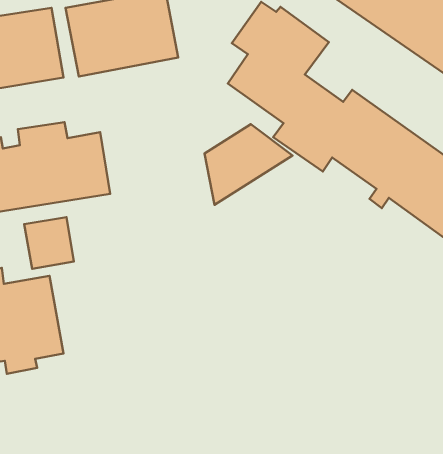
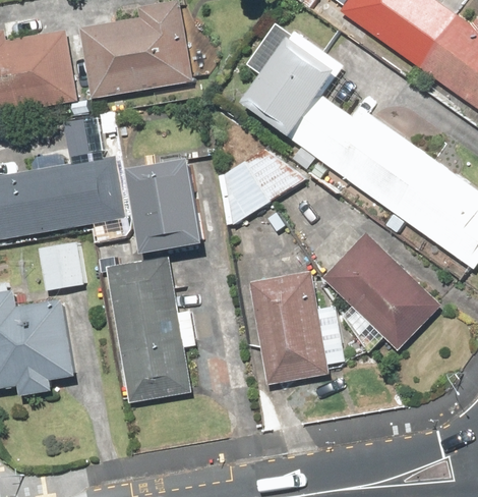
building: none -> [128,156,211,258]
building: none -> [322,232,439,353]
building: none -> [92,237,197,402]
building: none -> [250,272,328,385]

